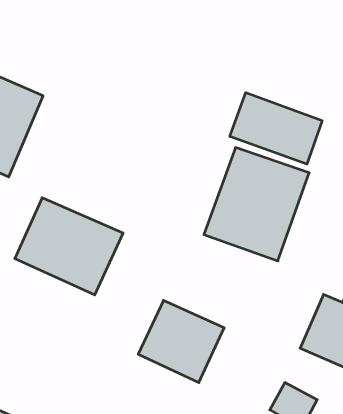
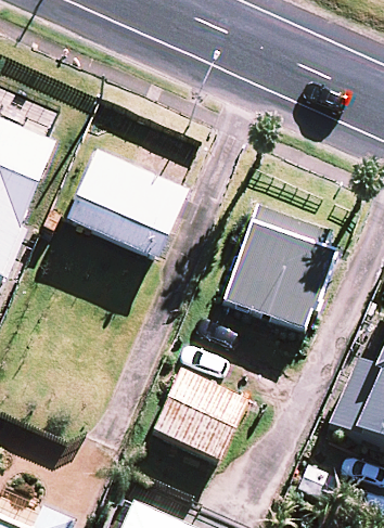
building: [230,93,322,164] -> none
building: [15,198,123,295] -> [68,155,184,259]

